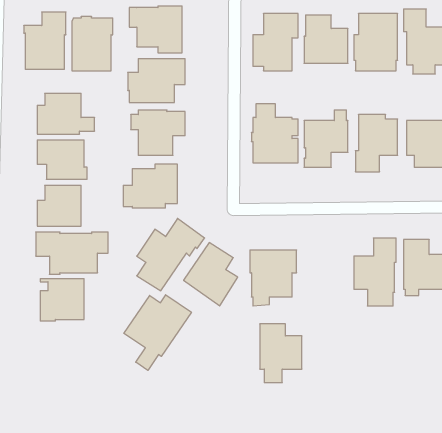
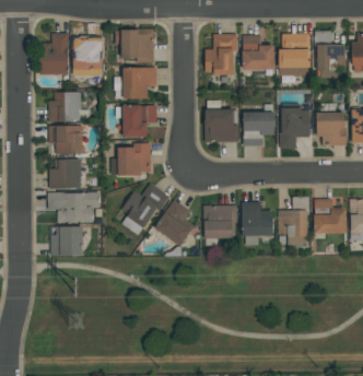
building: [124,295,191,370] -> none
building: [260,324,302,383] -> [243,202,273,245]

